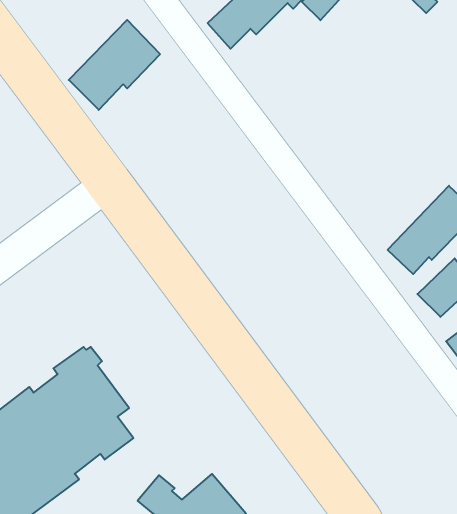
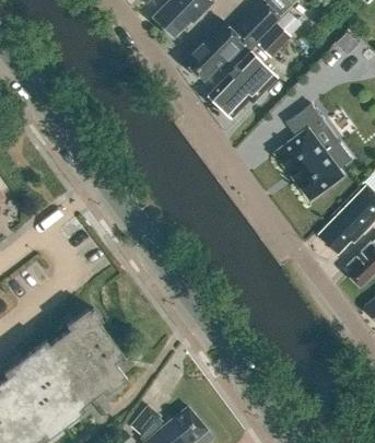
building: [69,20,160,110] -> [204,50,274,119]
building: none -> [277,104,352,198]

